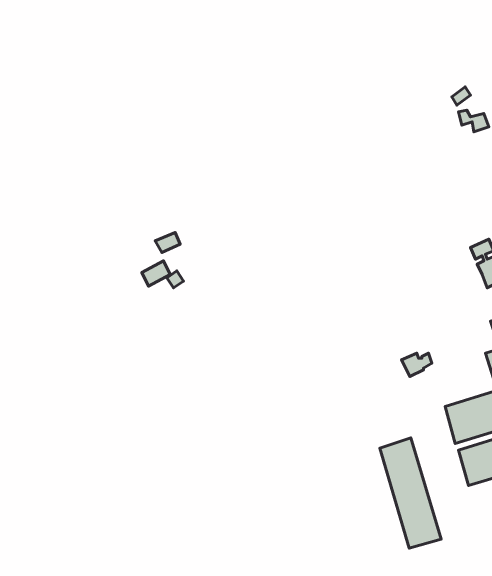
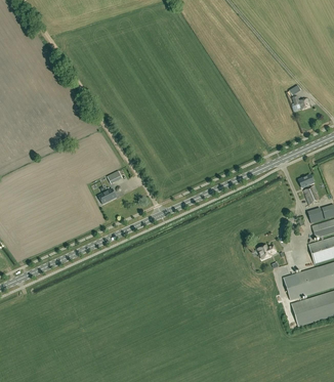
building: [380,438,441,548] -> none

